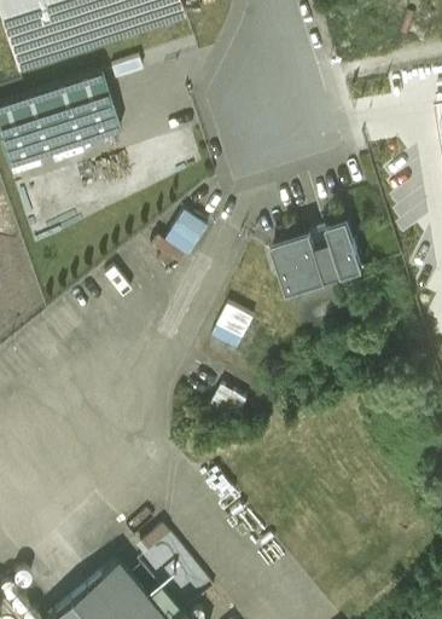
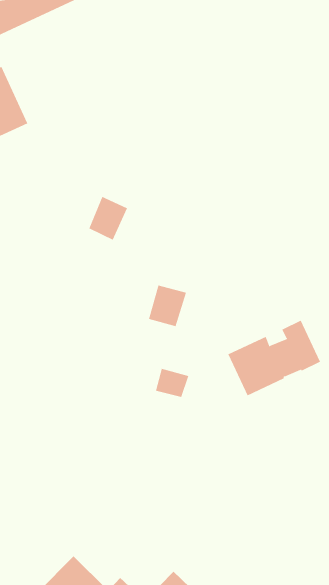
building: [273,225,364,294] -> [228,320,321,396]

